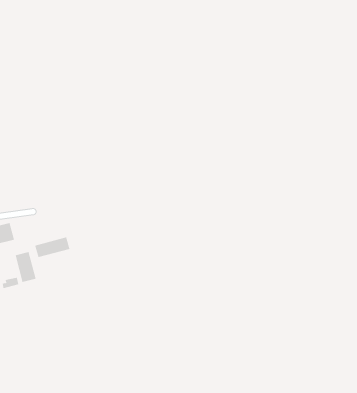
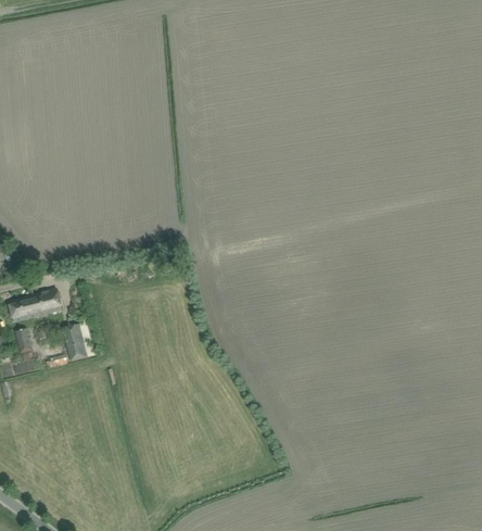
building: [35,237,70,258] -> none

